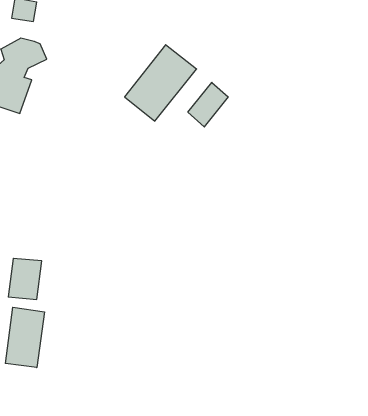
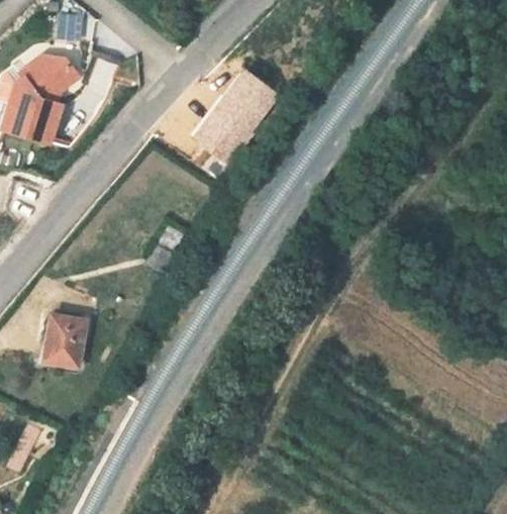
building: [188,82,228,127] -> none
building: [5,307,44,368] -> none

